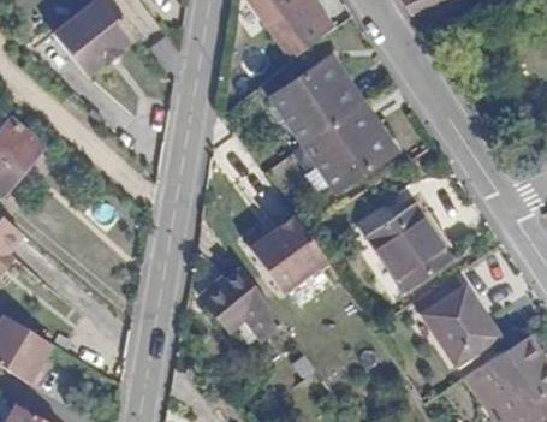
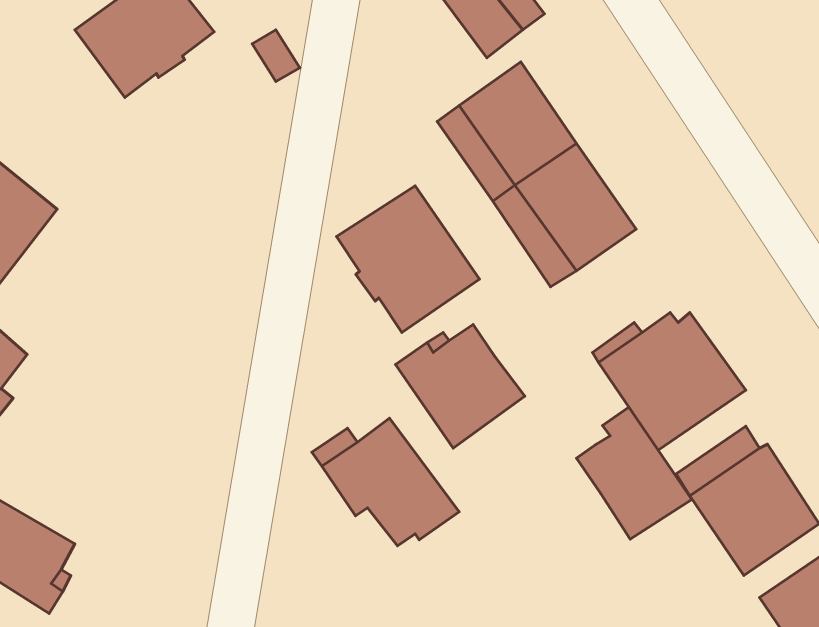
building: none -> [336,186,480,332]
building: none -> [577,407,692,539]

